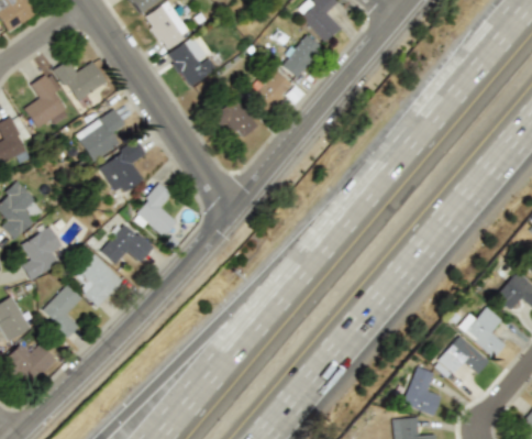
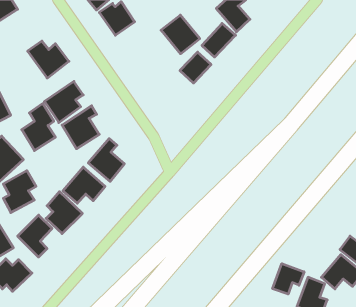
building: [165,37,215,88] -> [161,15,200,54]
building: [22,72,66,133] -> [22,104,55,151]
building: [215,98,257,141] -> none
building: none -> [273,264,304,294]

